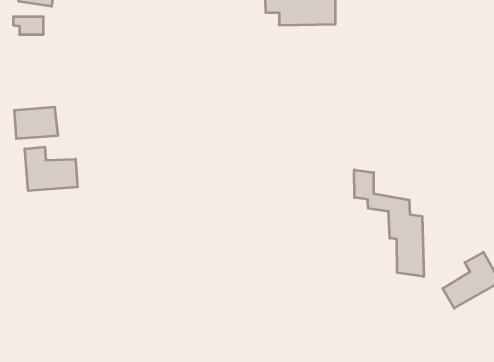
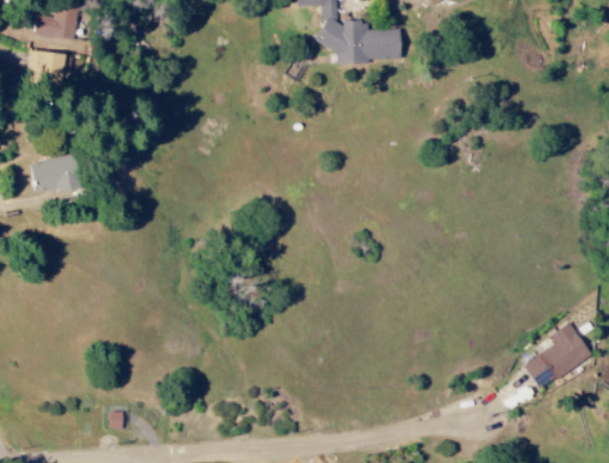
building: [25,147,77,191] -> none
building: [354,170,424,277] -> none

